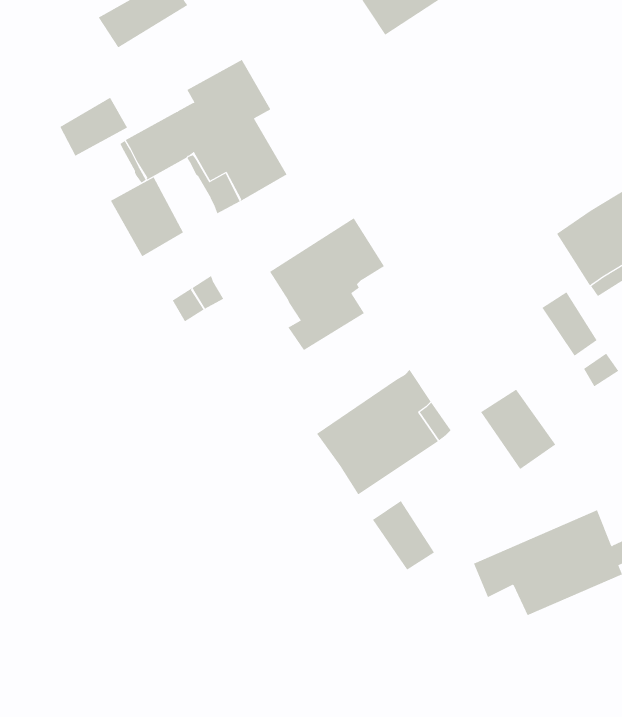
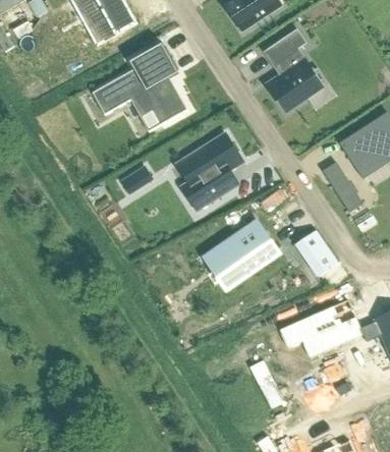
building: none -> [266,30,323,113]
building: [59,97,128,157] -> none
building: [110,177,184,257] -> none
building: [372,500,435,570] -> none

